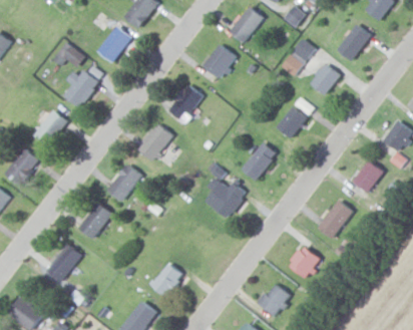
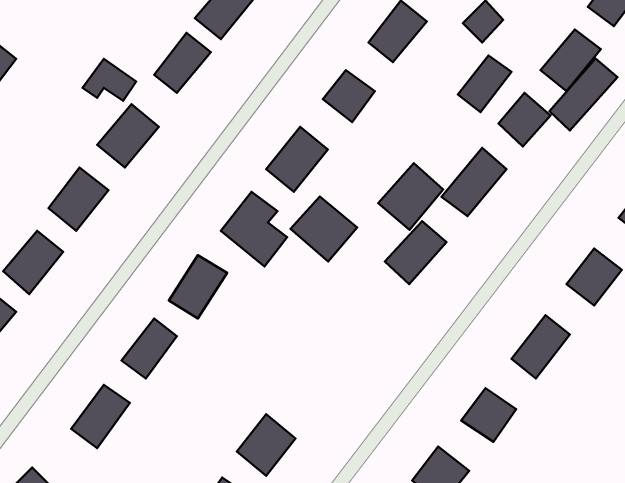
building: none -> [549,59,617,130]
building: none -> [378,163,443,230]
building: [202,178,244,218] -> [291,197,357,261]

